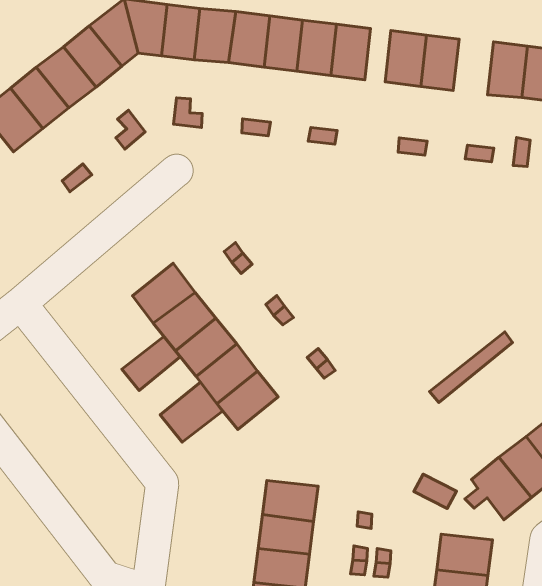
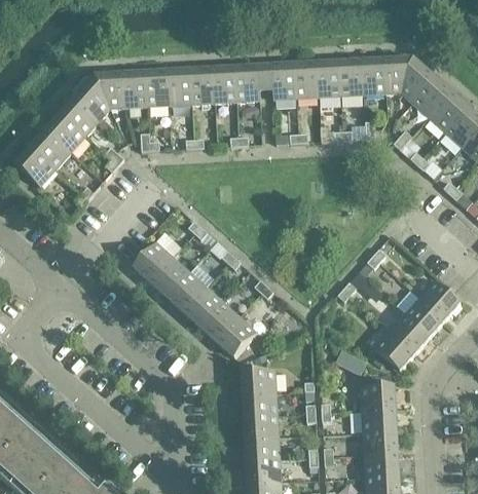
building: none -> [317,62,341,98]
building: [122,336,180,391] -> none
building: [160,382,223,442] -> [217,316,257,357]

